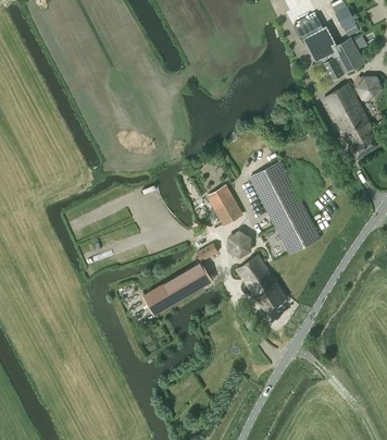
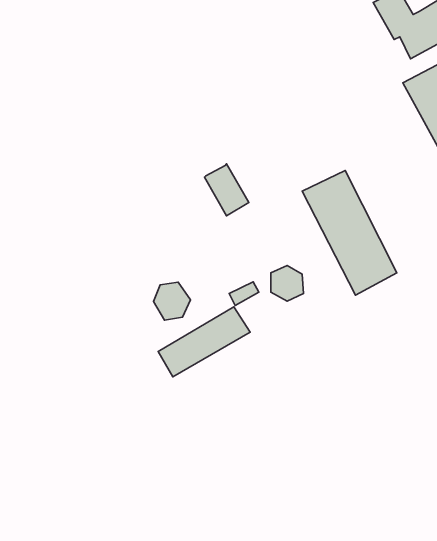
building: [209,186,241,224] -> [204,164,249,216]
building: none -> [154,282,190,320]
building: [237,256,287,314] -> none

